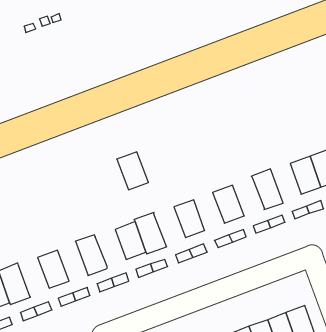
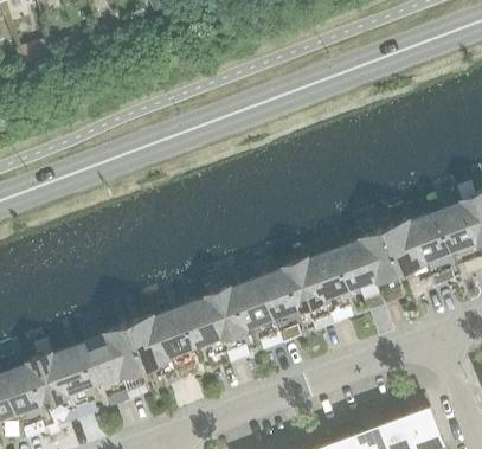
building: [117,152,148,190] -> [231,278,272,328]
building: none -> [384,219,425,274]
building: none -> [334,240,375,290]
building: none -> [282,257,324,312]
building: none -> [154,308,194,357]
building: none -> [103,323,144,378]
building: none -> [53,345,94,395]

